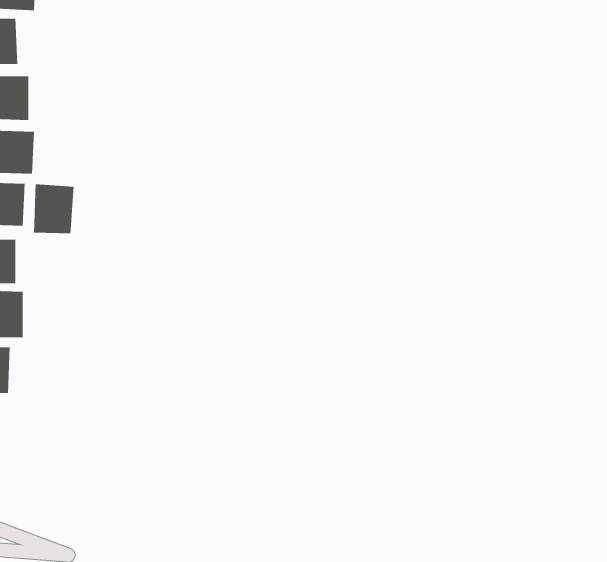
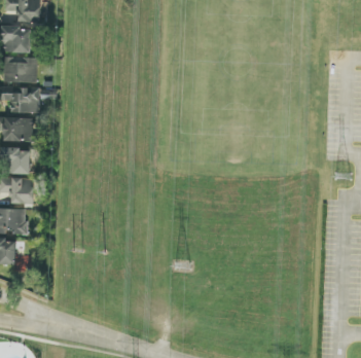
building: [34,184,74,234] -> none

